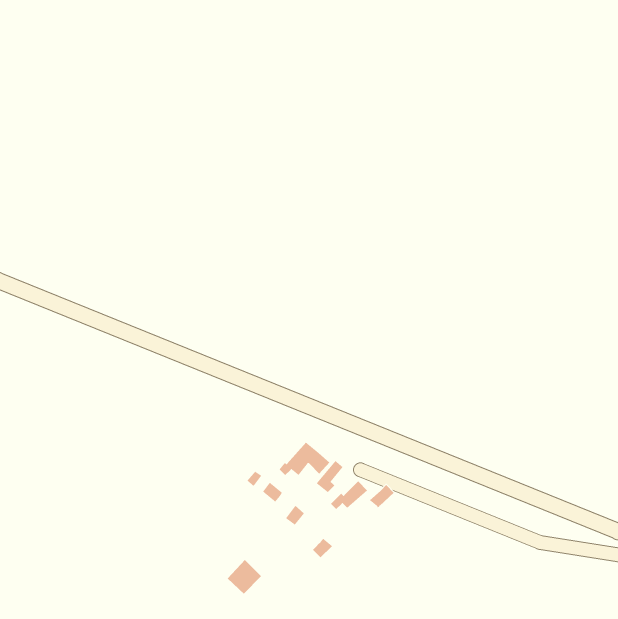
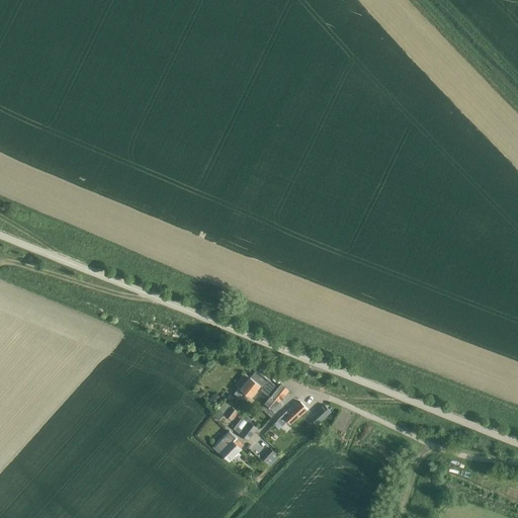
building: [227,559,262,594] -> [212,430,242,459]

